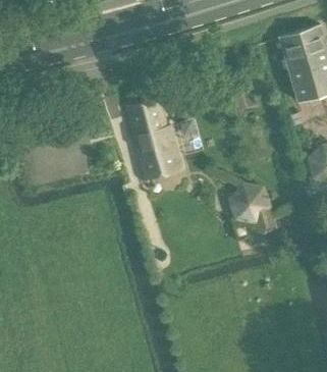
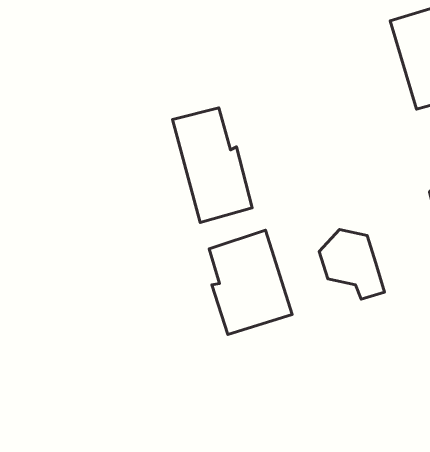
building: none -> [209,230,292,335]

